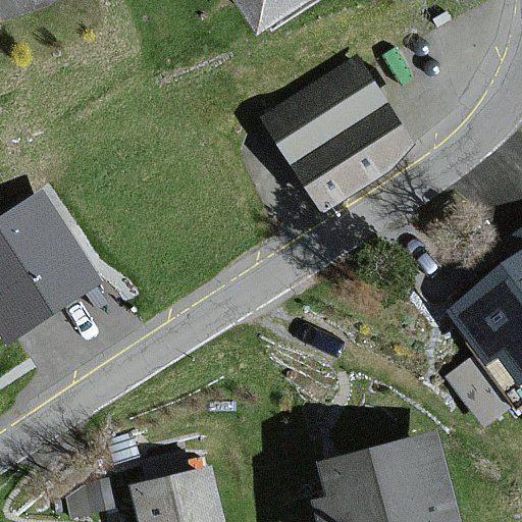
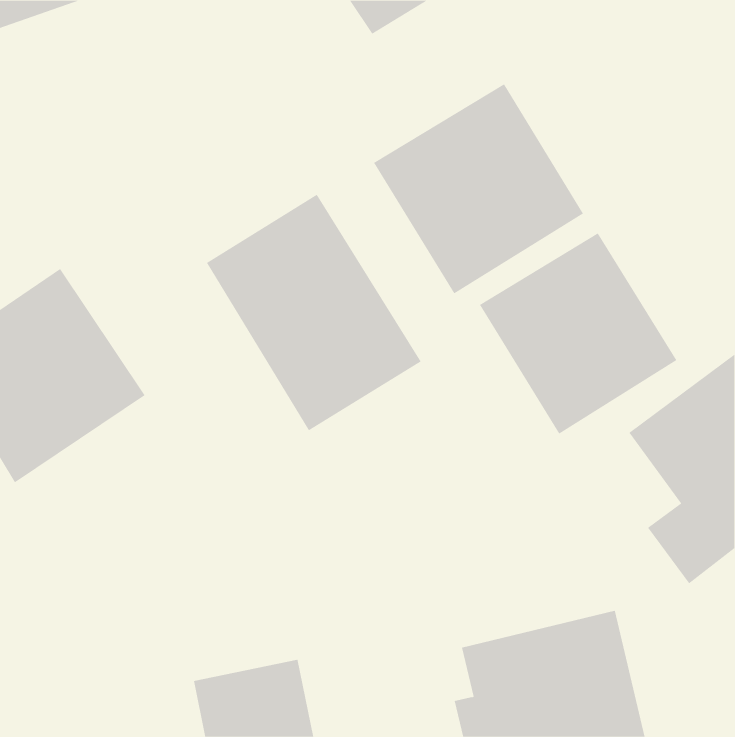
building: none -> [206,194,421,431]
building: none -> [479,232,677,435]

